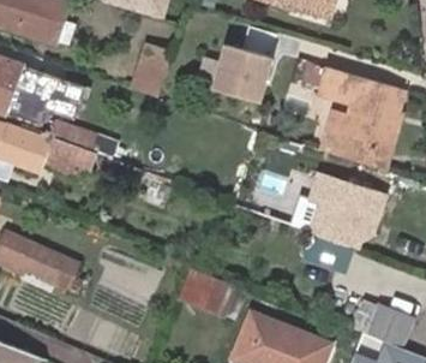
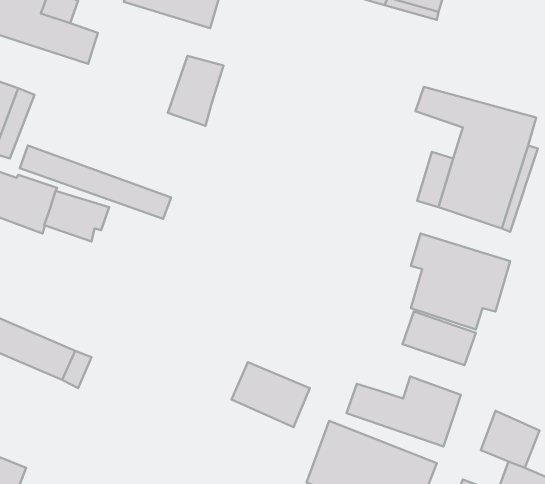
building: [210,46,274,106] -> none
building: none -> [346,376,461,446]

